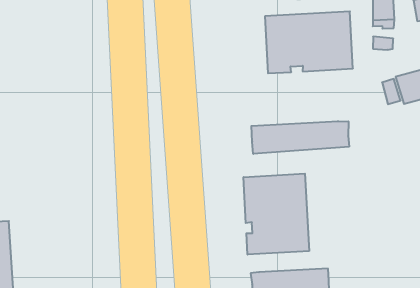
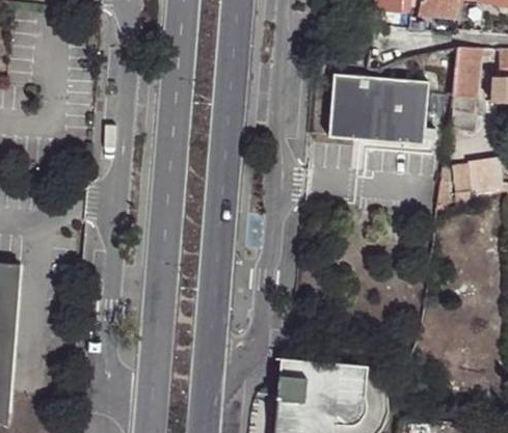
building: [251,121,349,154] -> none
building: [244,174,309,255] -> none

